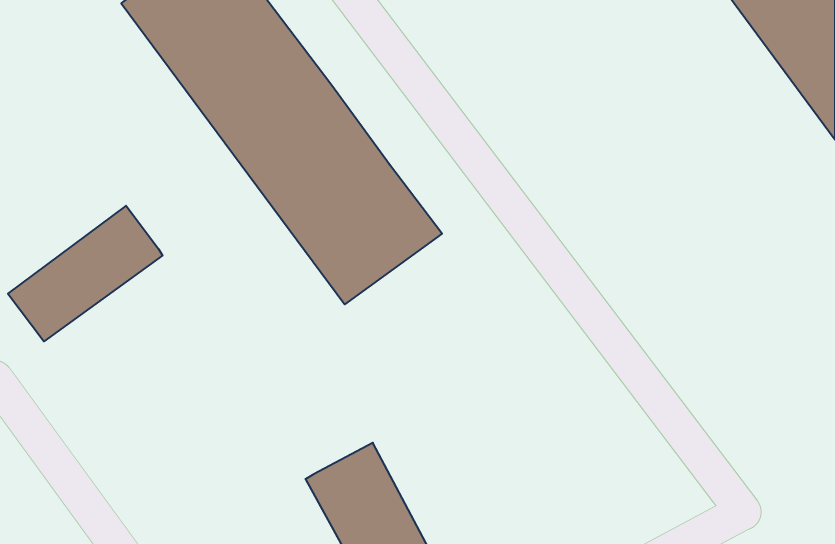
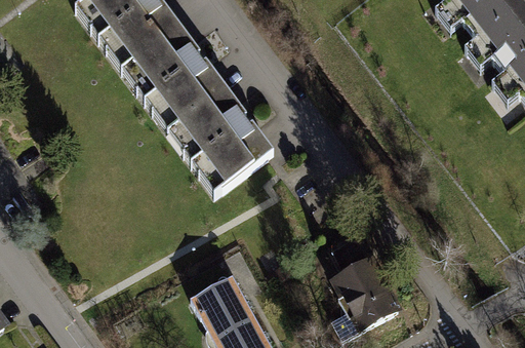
building: [8,206,163,341] -> none
building: none -> [327,255,400,334]

